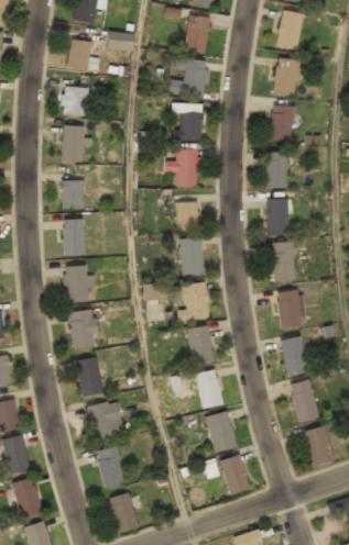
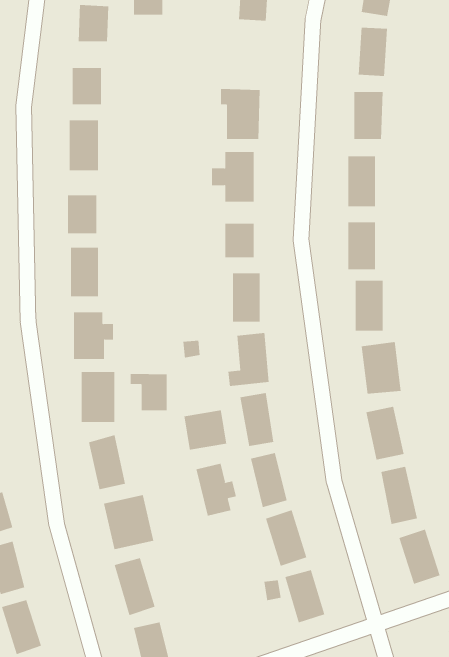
building: [168,59,208,97] -> none
building: none -> [130,373,167,411]
building: none -> [184,410,227,451]
building: none -> [196,463,237,517]

